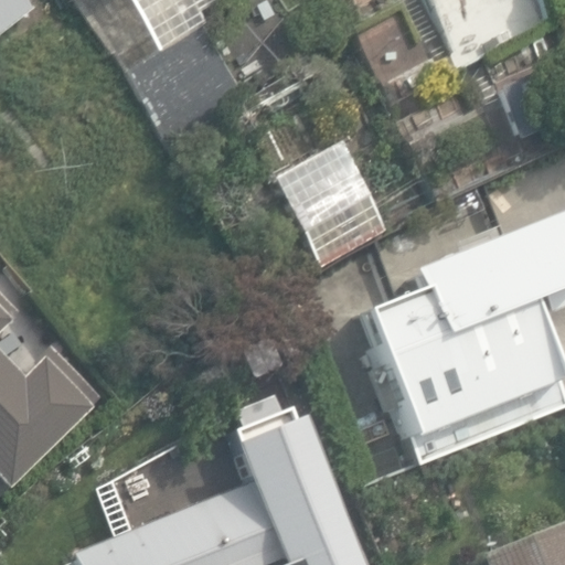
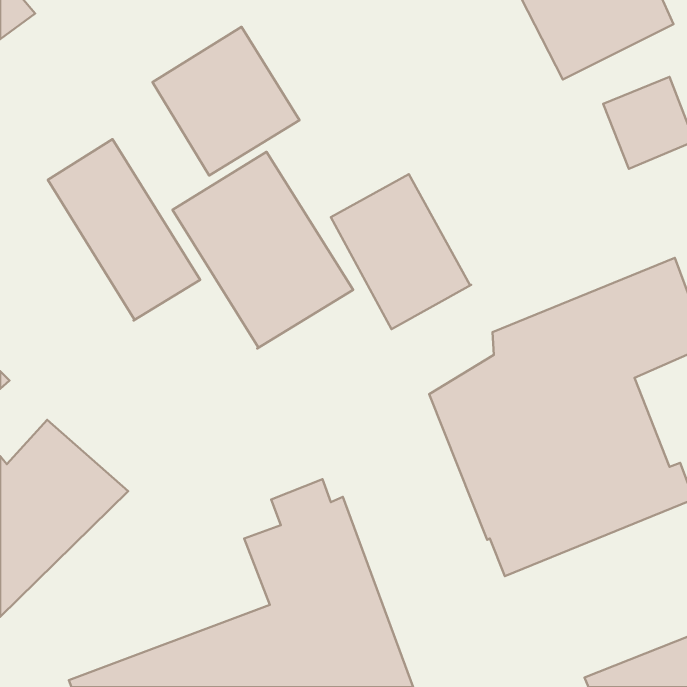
building: none -> [48,139,200,320]
building: none -> [173,152,353,349]

